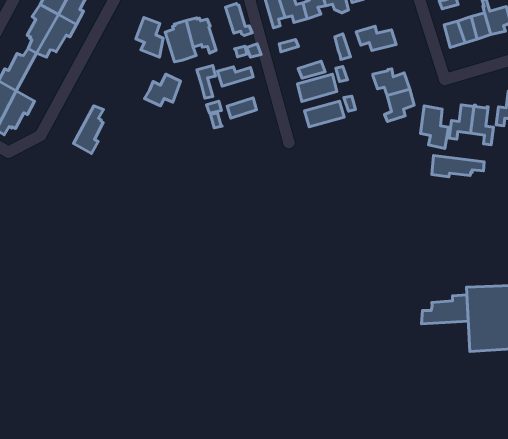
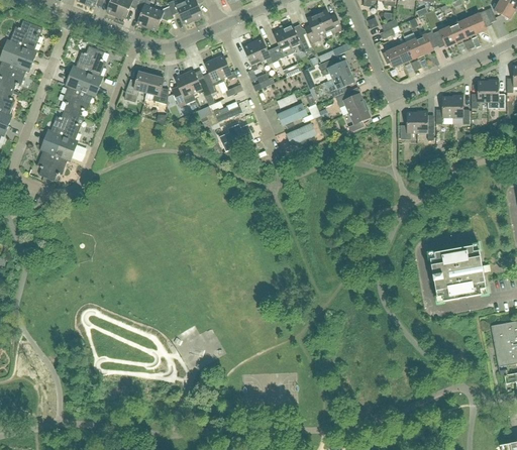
building: none -> [202,59,222,93]
building: none -> [327,71,354,98]
building: [145,74,181,106] -> [124,71,150,96]
building: [73,106,104,154] -> [59,113,80,150]
building: [421,106,448,149] -> none
building: [432,155,484,177] -> none
building: [422,295,468,324] -> none

